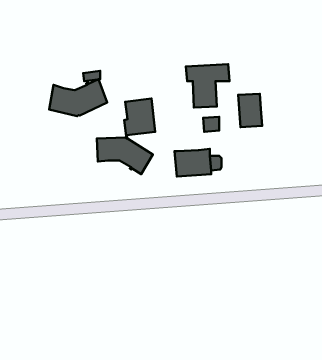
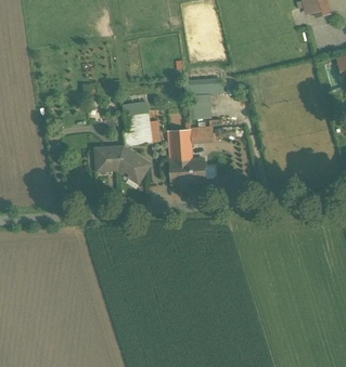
building: [49,79,107,116] -> none
building: [238,94,262,127] -> [170,129,193,160]

